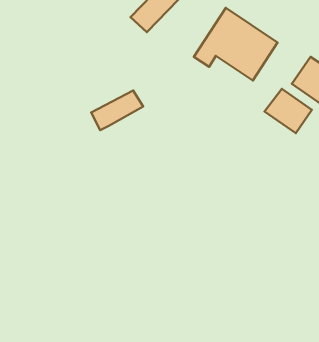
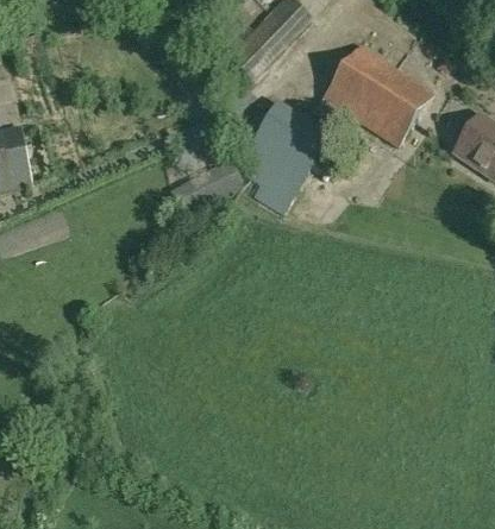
building: none -> [240,100,326,212]
building: [264,89,312,133] -> none

